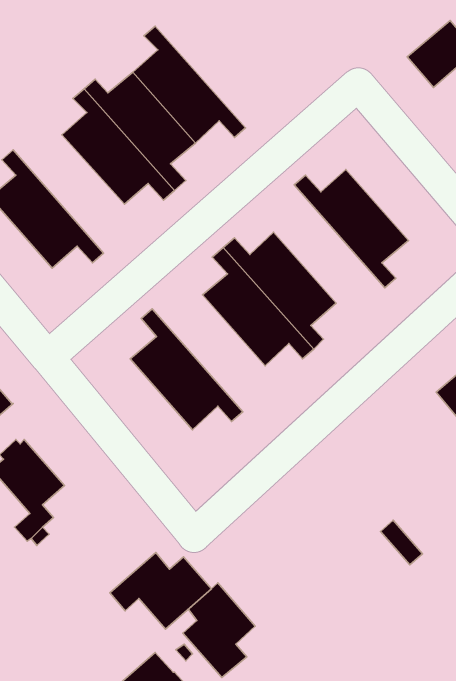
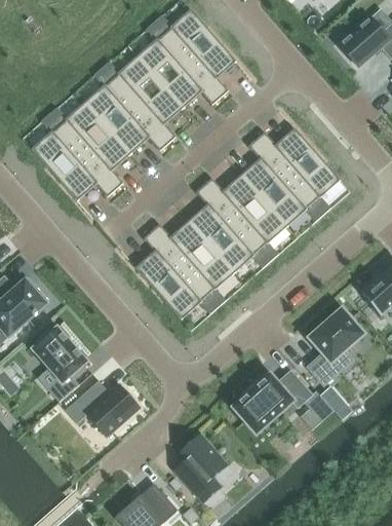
building: none -> [154,8,236,97]
building: none -> [49,102,131,189]
building: none -> [241,139,323,226]
building: none -> [152,220,235,306]
building: none -> [308,309,363,385]
building: none -> [234,370,331,433]
building: [110,553,211,629] -> [66,380,141,437]

